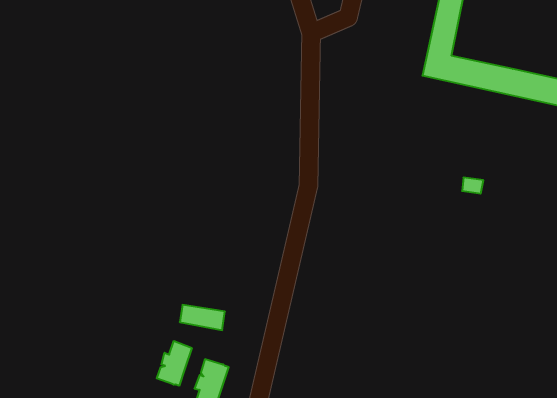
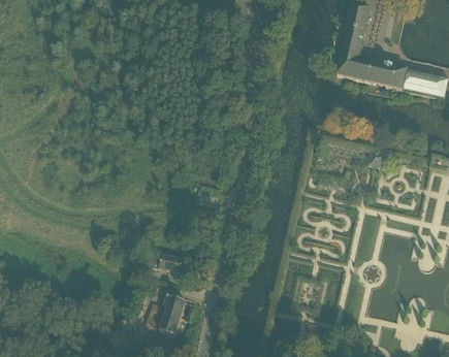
building: [157,341,192,386] -> none

